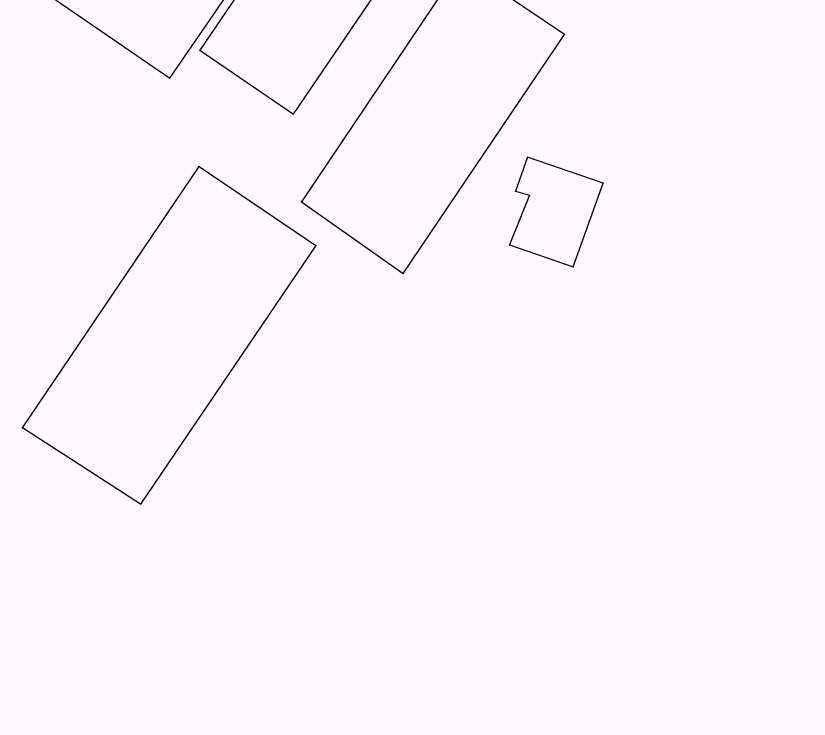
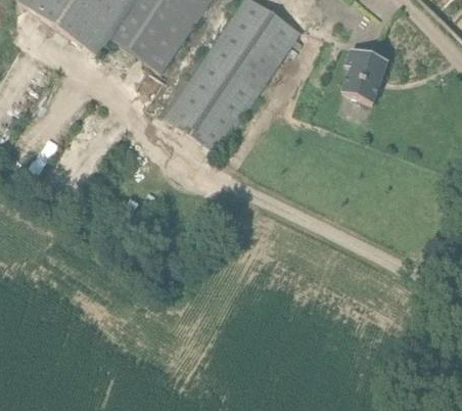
building: [509,157,603,267] -> [340,46,388,102]
building: [22,166,316,504] -> none

